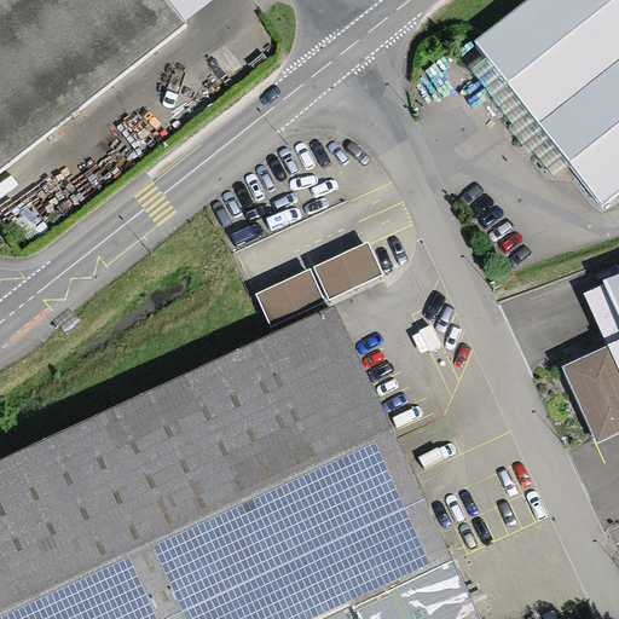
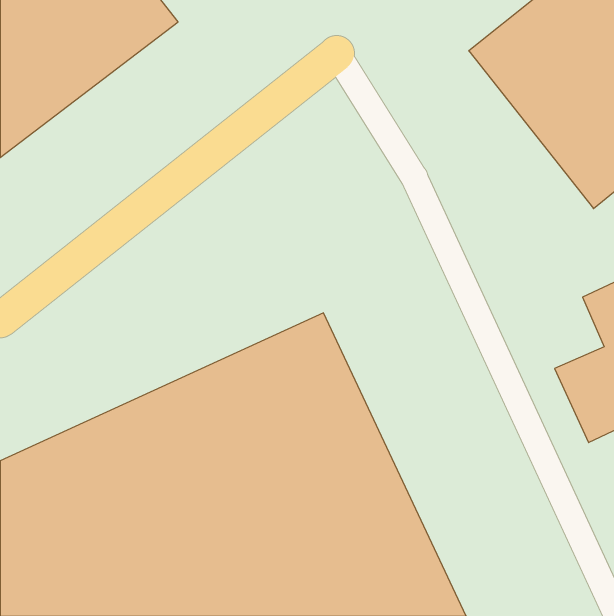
building: [255,243,382,326] -> none

